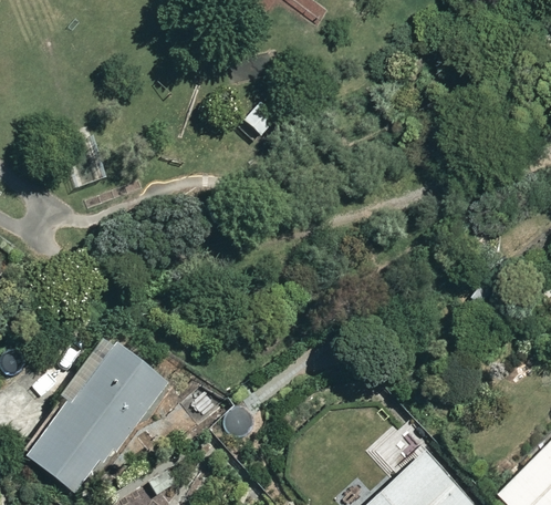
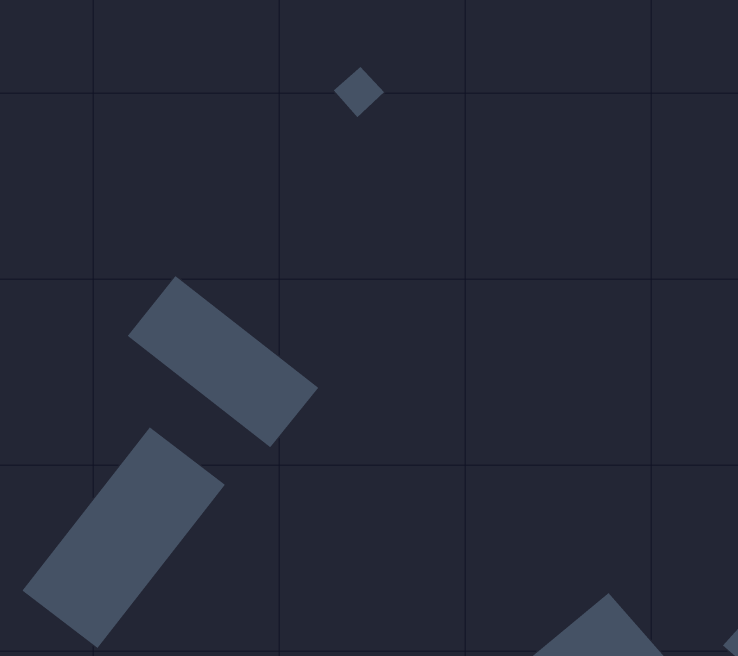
building: none -> [127,275,319,448]

